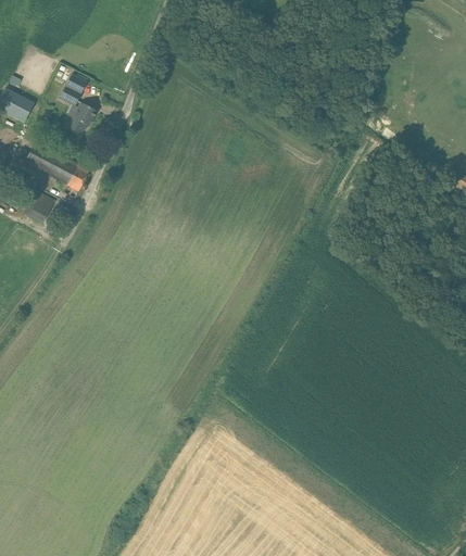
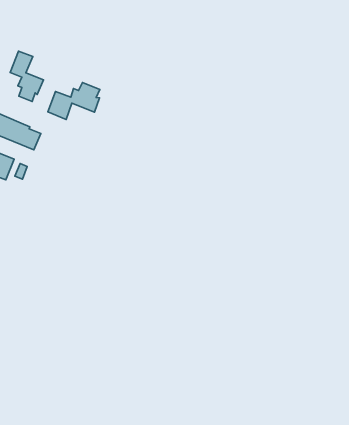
building: none -> [48,83,100,119]

